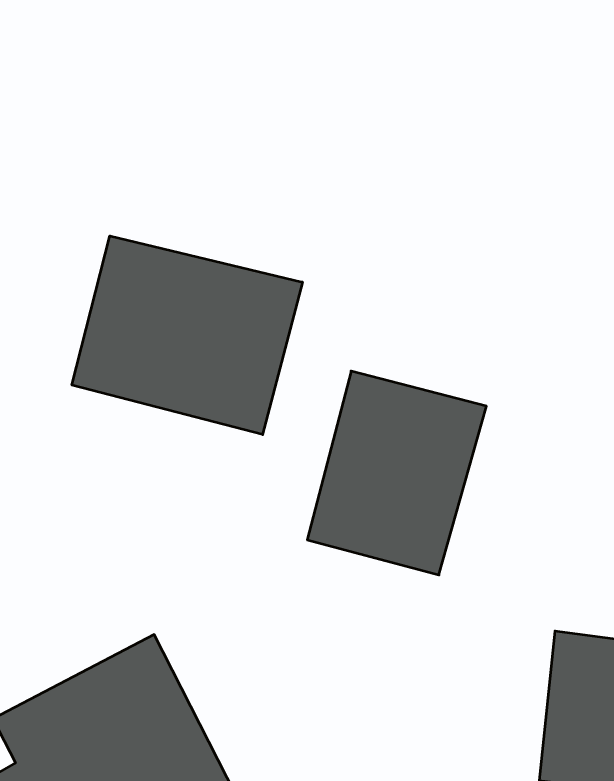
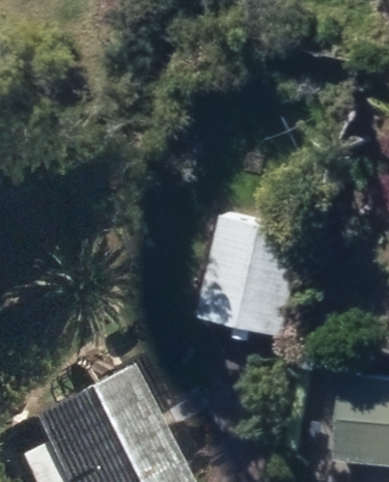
building: [72,236,302,435] -> none

